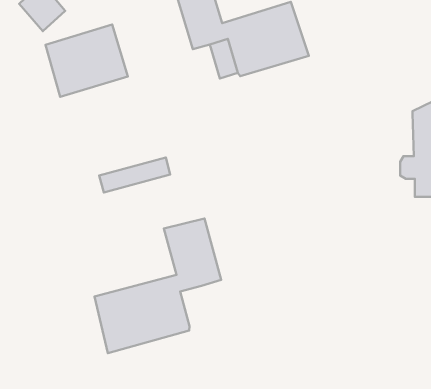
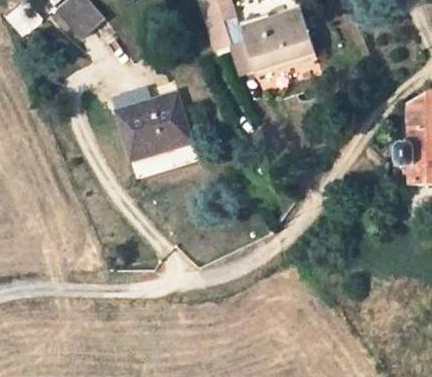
building: [46,25,128,97] -> [117,94,190,158]
building: [95,218,221,353] -> none

